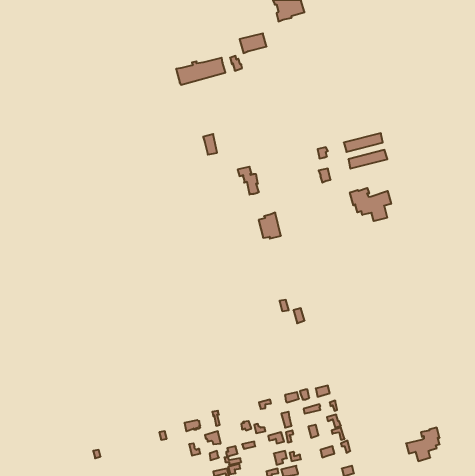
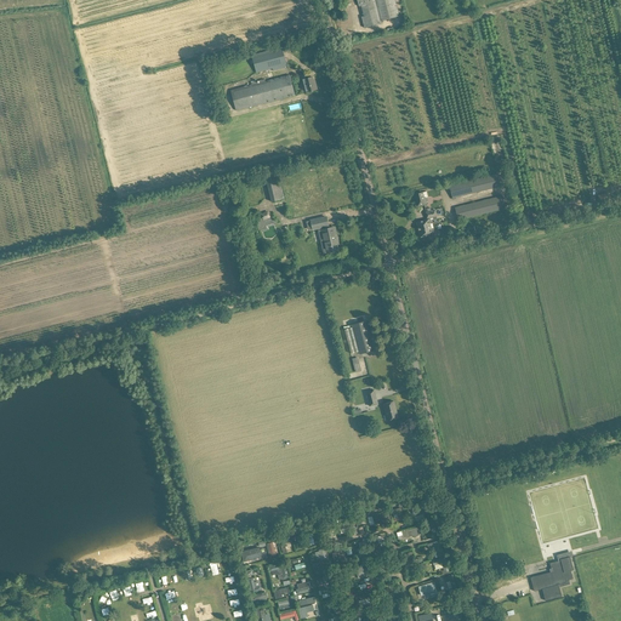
building: [240,33,267,53] -> [250,47,285,73]
building: [350,188,391,221] -> none
building: [259,213,281,239] -> [343,320,372,354]

